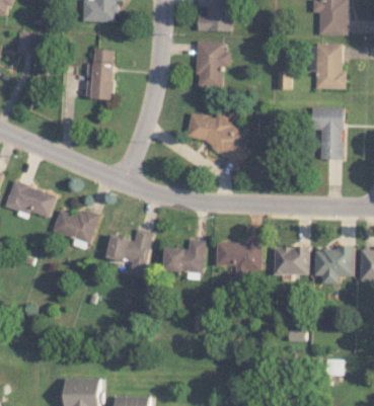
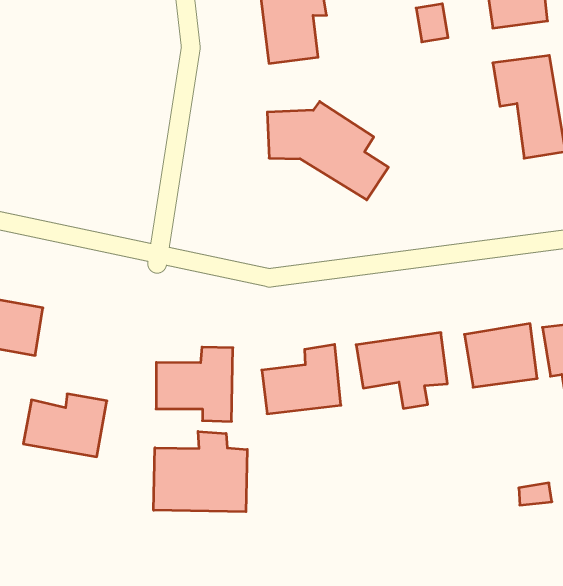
building: [91,49,113,99] -> none
building: [51,209,98,244] -> [23,394,107,457]
building: none -> [154,431,247,512]

